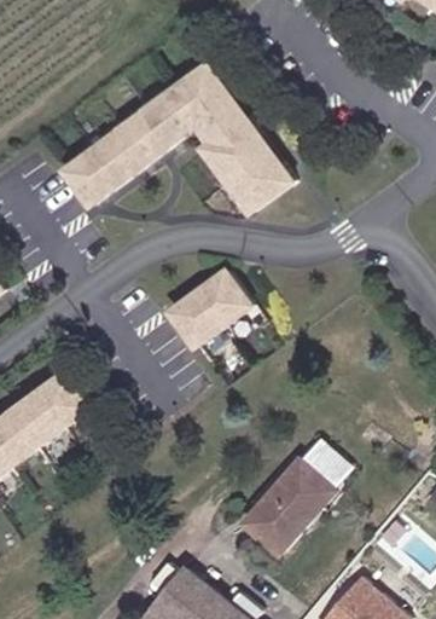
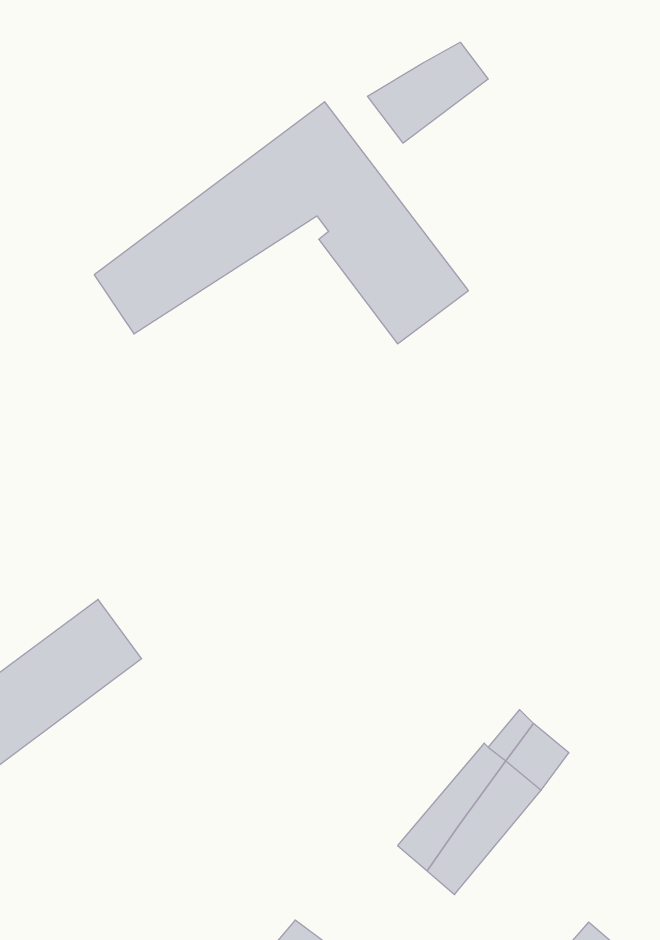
building: none -> [368,42,488,143]
building: [163,272,248,352] -> none

